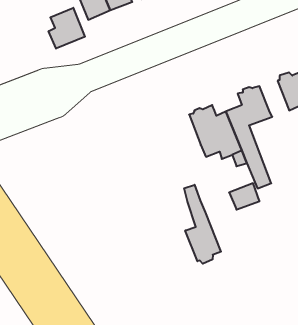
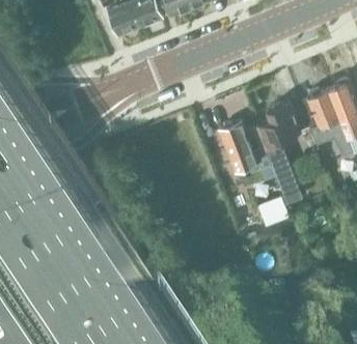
building: [49,8,85,49] -> none
building: [184,185,221,264] -> none

